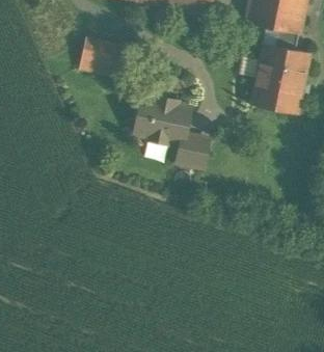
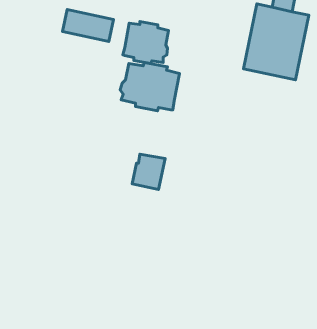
building: none -> [123,21,169,64]
building: [178,131,209,164] -> [132,154,165,189]

